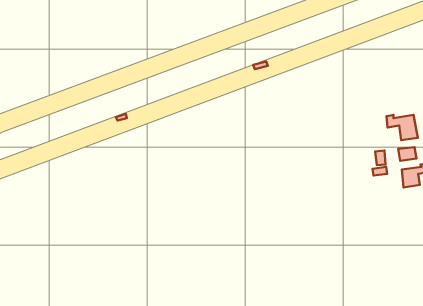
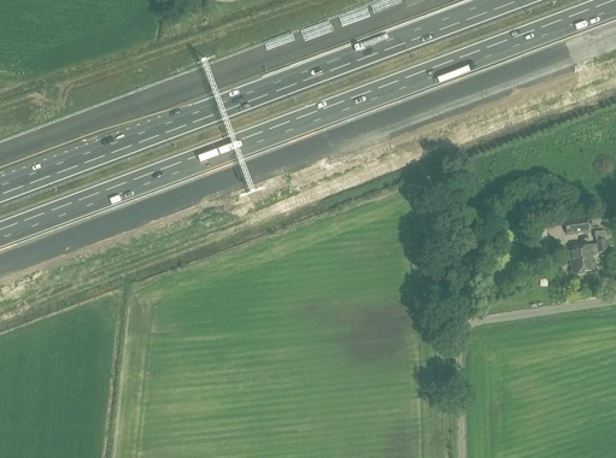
building: [386,115,418,140] -> none

